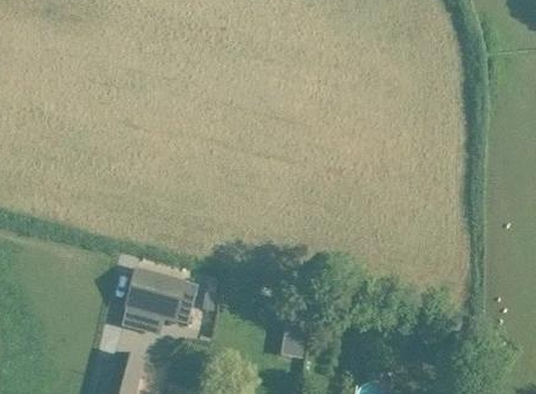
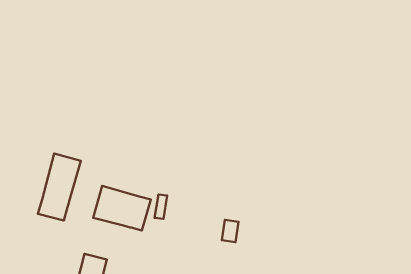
building: none -> [38,154,81,221]

